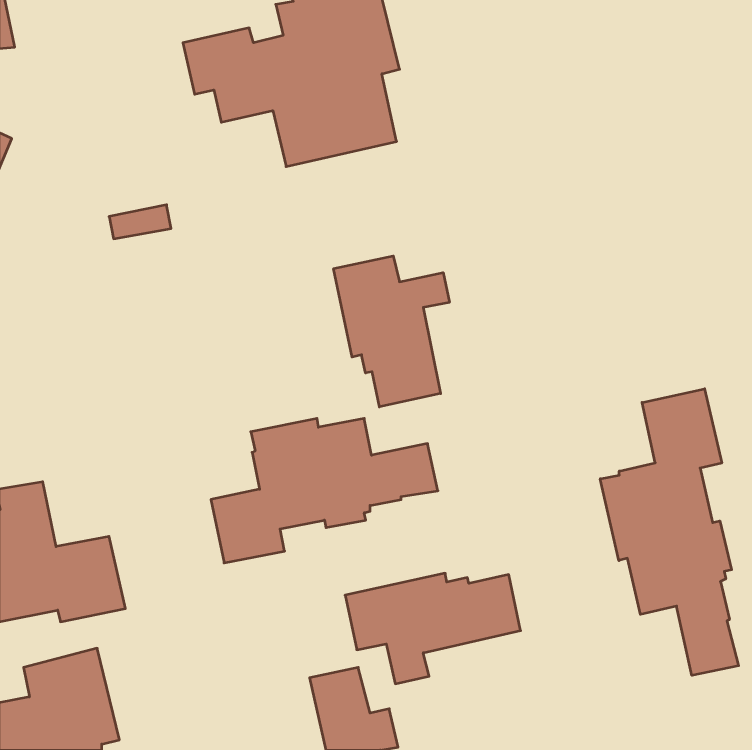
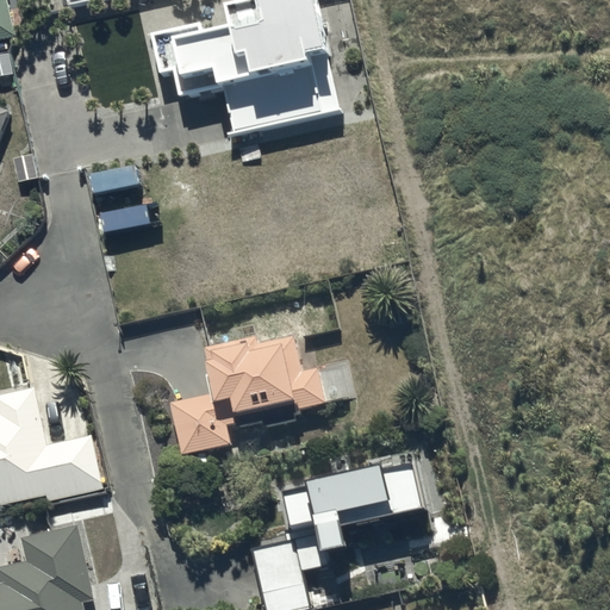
building: [334,256,449,407] -> none
building: [600,389,739,675] -> none

